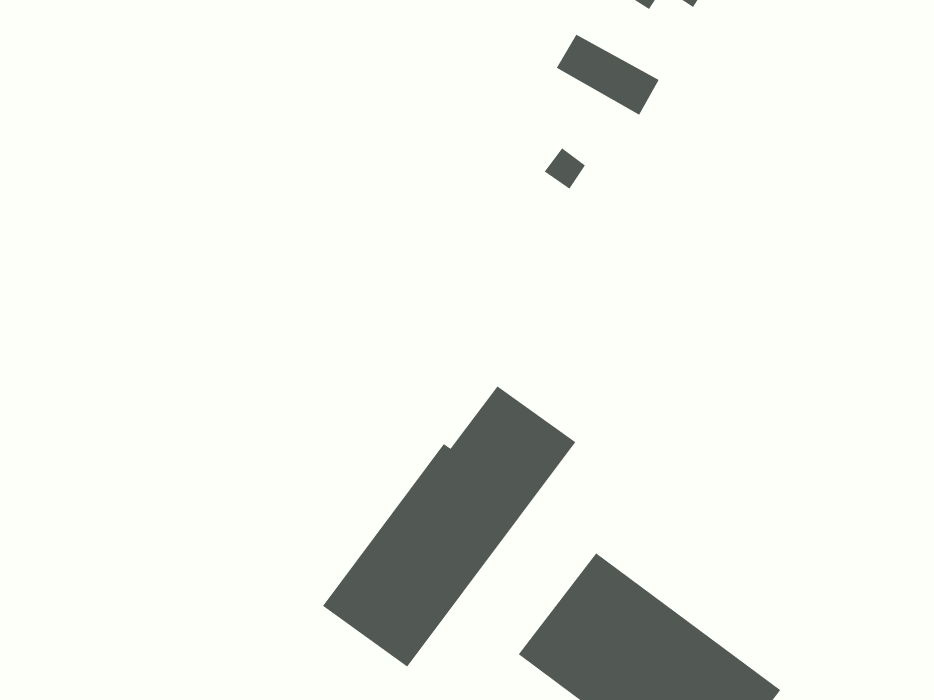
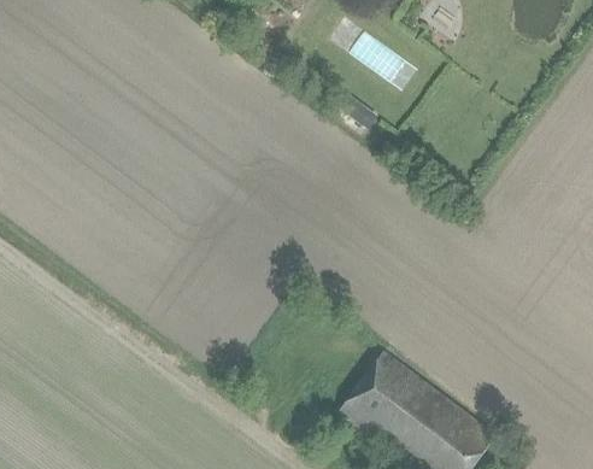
building: [322,385,576,667] -> none

